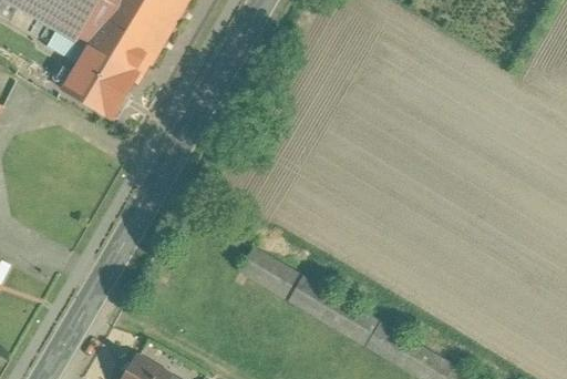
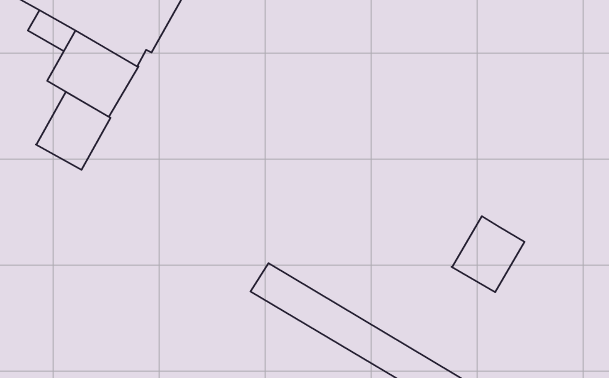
building: none -> [36,92,111,170]
building: none -> [452,216,525,292]

